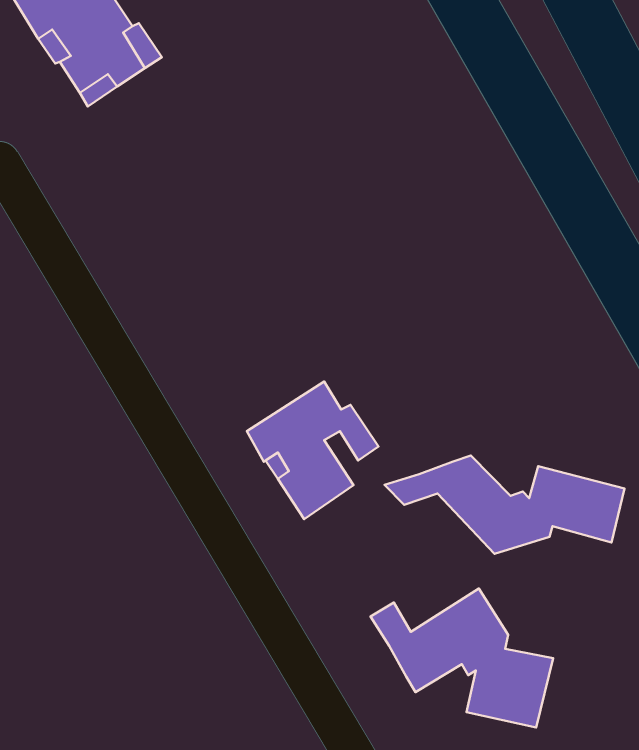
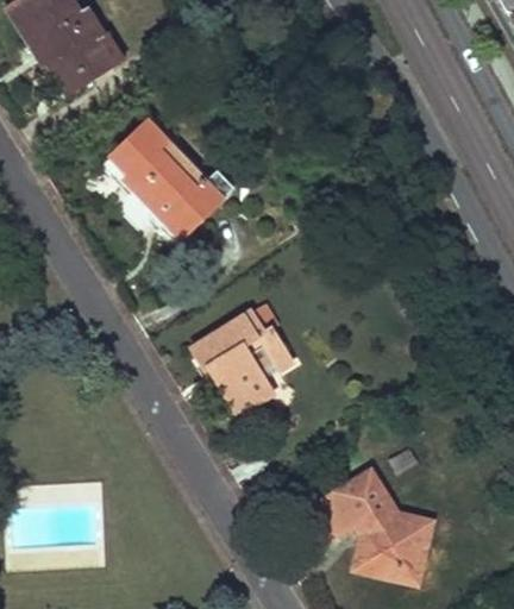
building: none -> [112,120,233,236]
building: [384,456,625,554] -> none

